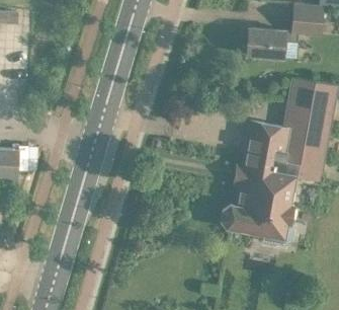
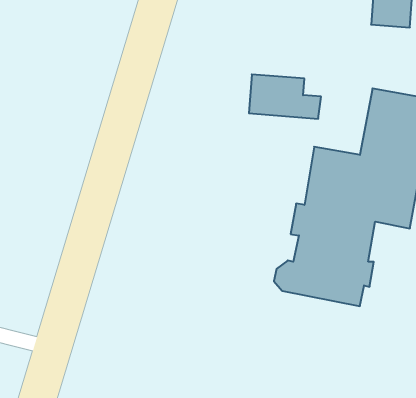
building: [244,27,296,60] -> [249,74,321,119]

